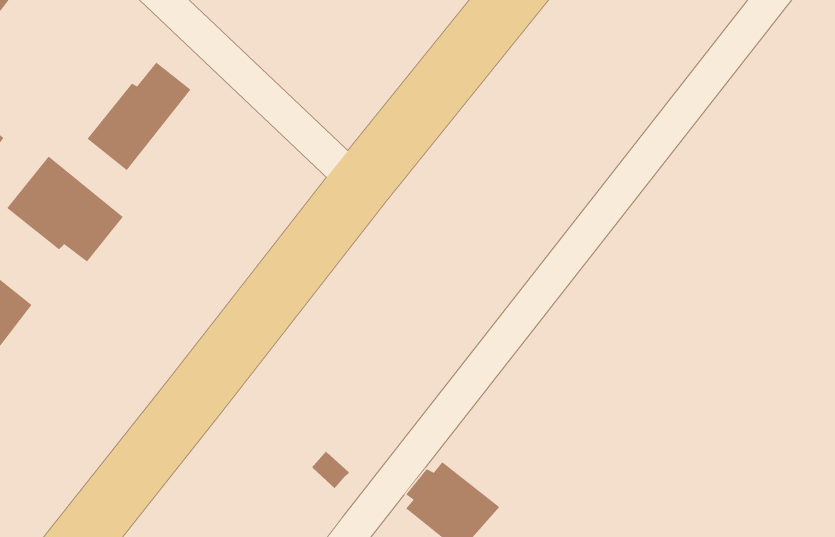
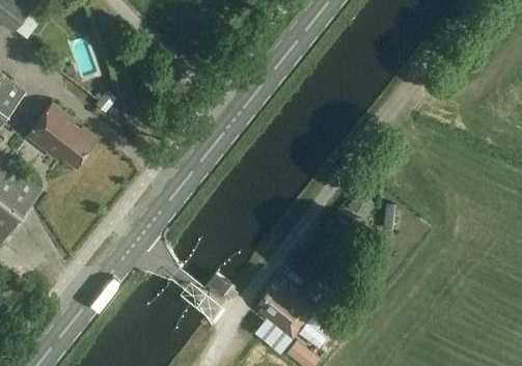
building: [87,62,192,171] -> none

